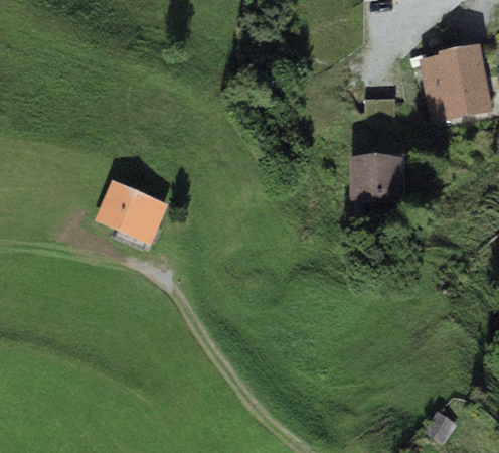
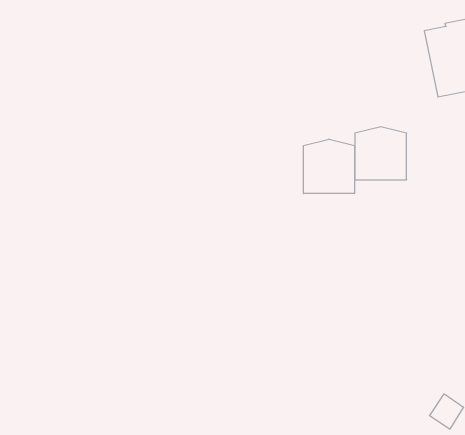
building: none -> [304,139,355,194]
building: [95,180,168,244] -> none

